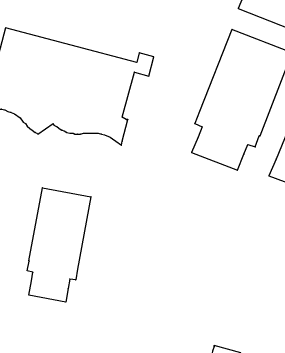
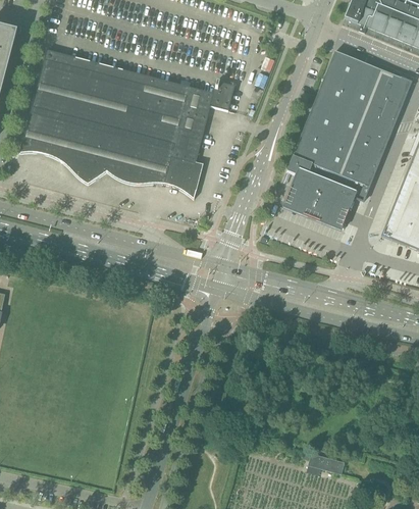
building: [27,188,91,302] -> none

